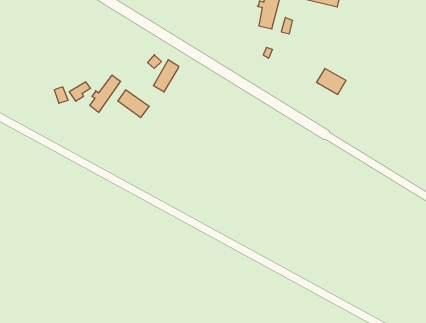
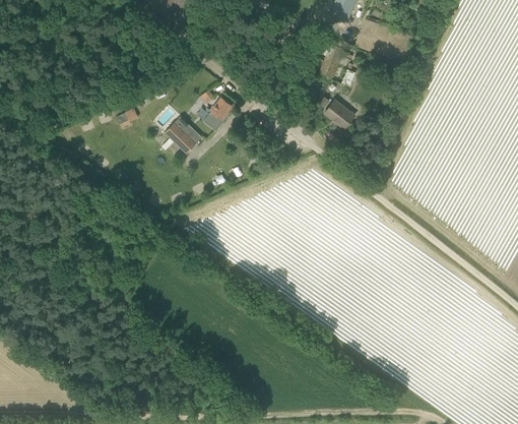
building: [317,68,346,94] -> [325,99,355,127]
building: [90,75,121,113] -> none

